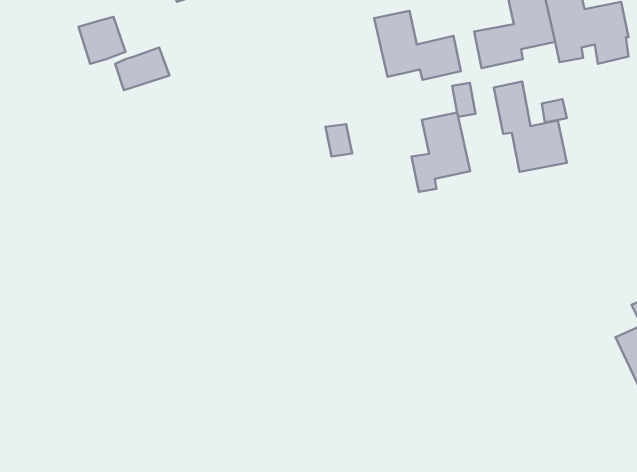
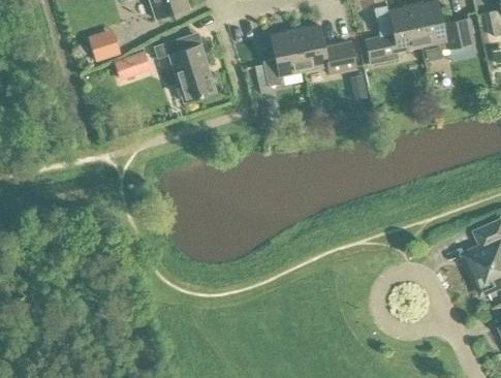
building: none -> [153,38,215,101]
building: [494,81,567,172] -> none
building: [411,112,470,192] -> [262,30,304,86]

